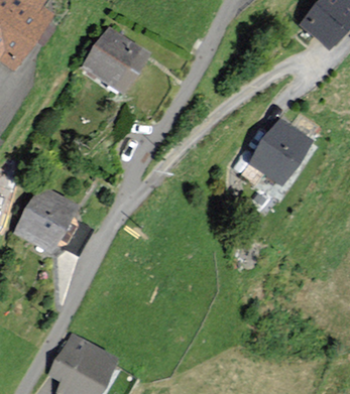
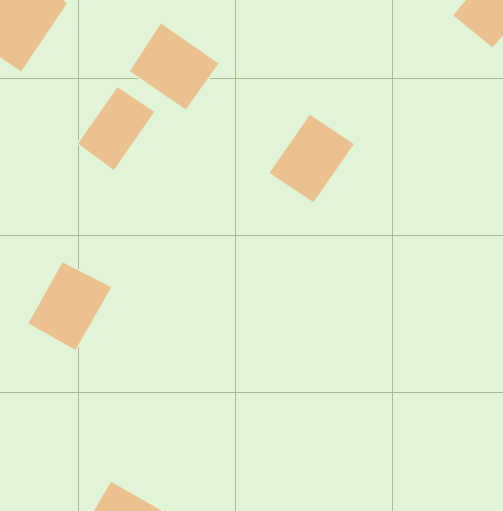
building: none -> [77,86,155,171]
building: [251,122,309,181] -> [269,114,355,203]

